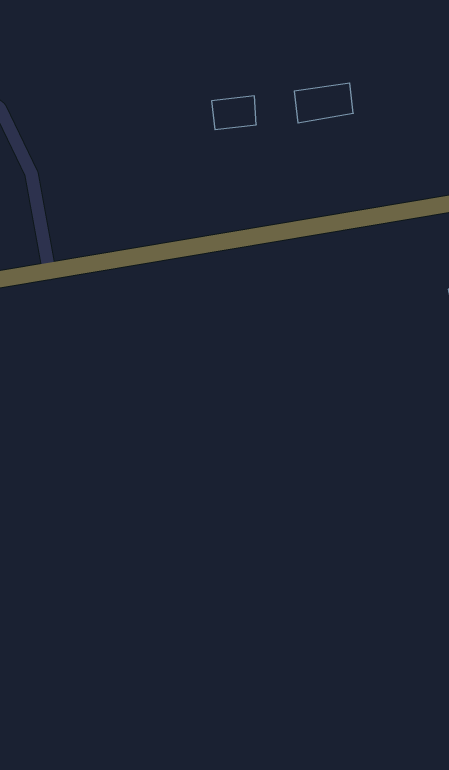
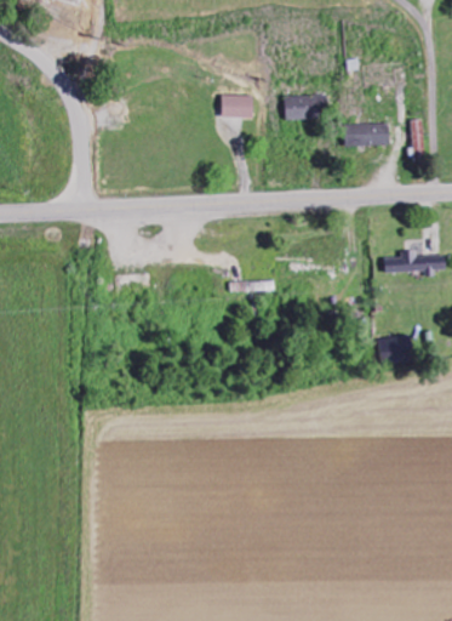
building: none -> [345,121,389,146]

